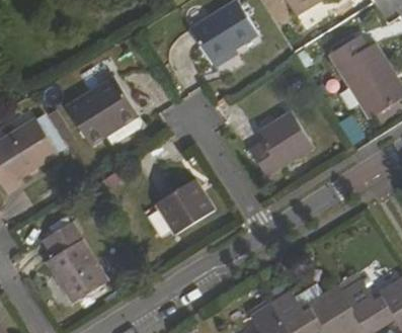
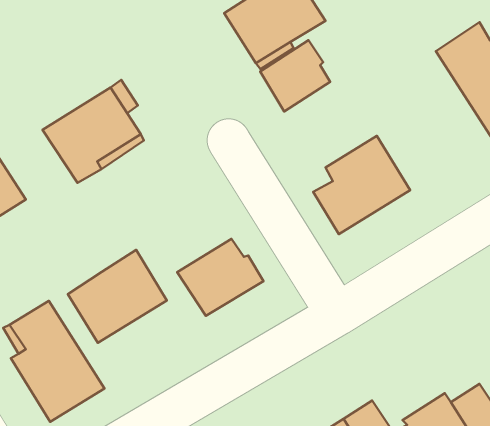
building: none -> [260,40,330,111]
building: none -> [68,250,167,343]

